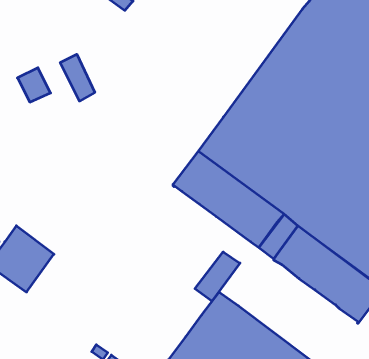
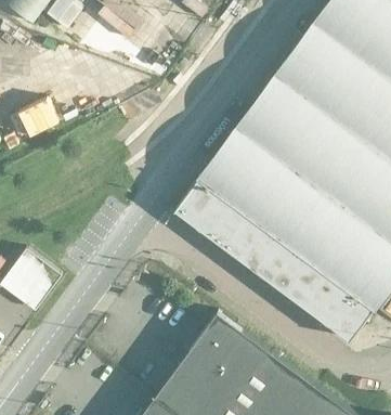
building: [60,54,95,101] -> none
building: [195,252,240,301] -> none

